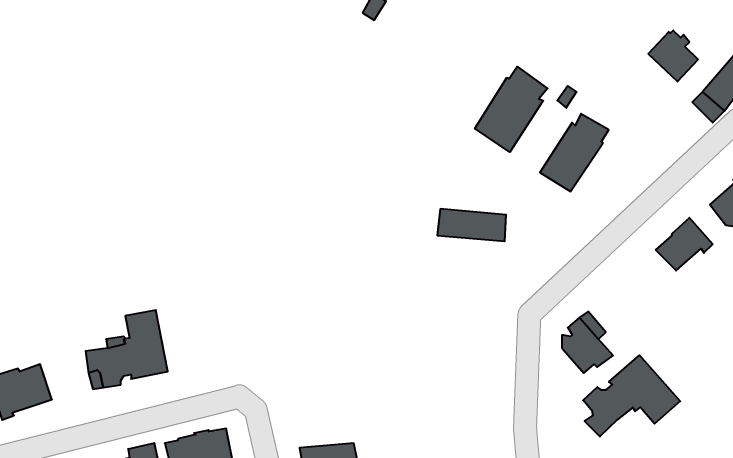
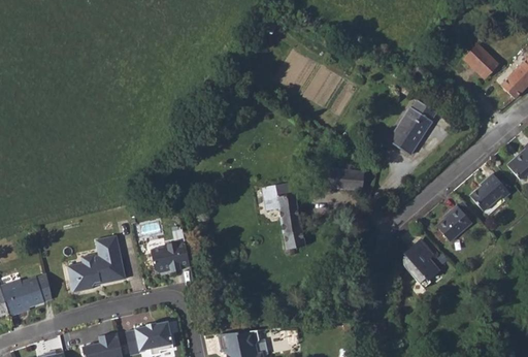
building: [475,67,548,152] -> none
building: none -> [262,182,305,248]
building: none -> [436,205,471,240]
building: none -> [151,241,191,272]
building: [583,355,680,437] -> none

